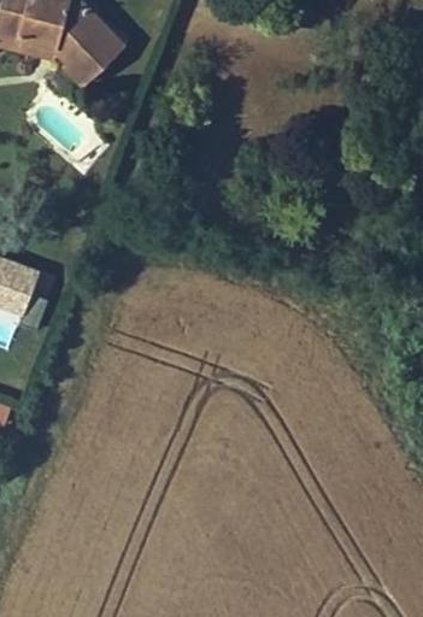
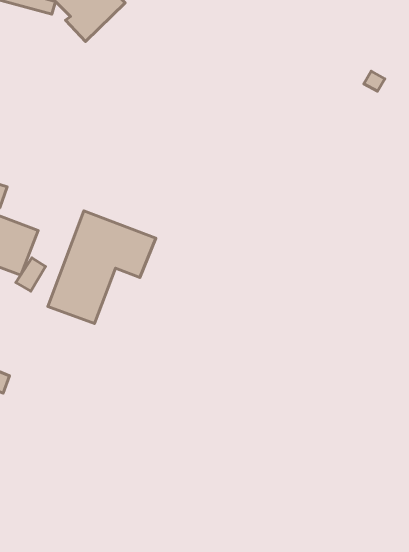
building: none -> [48,211,156,324]

